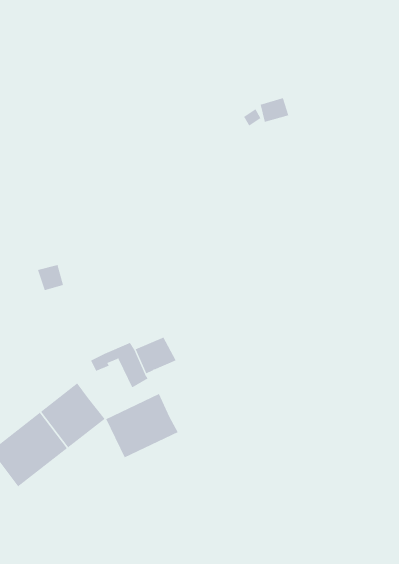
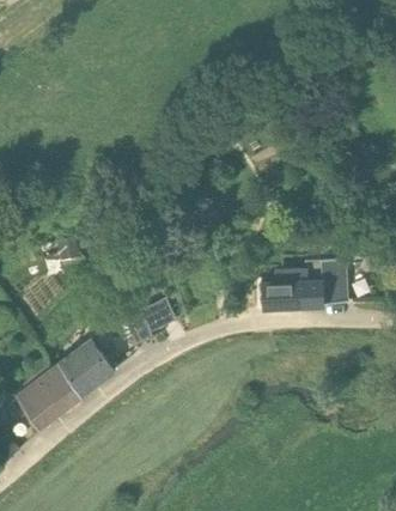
building: none -> [261,261,348,309]
building: [105,393,178,458] -> none

